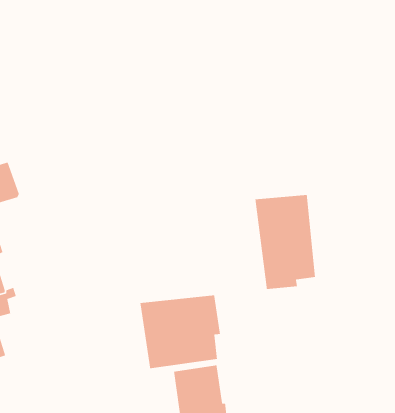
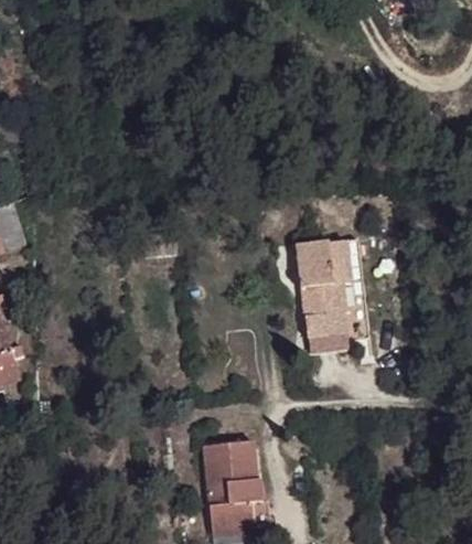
building: [140,295,221,369] -> none

